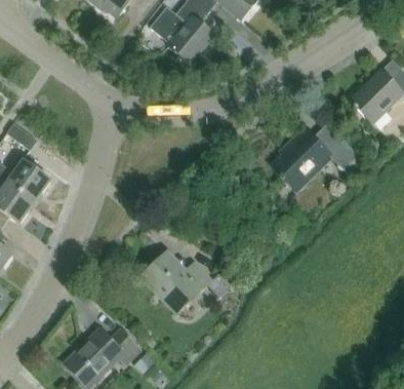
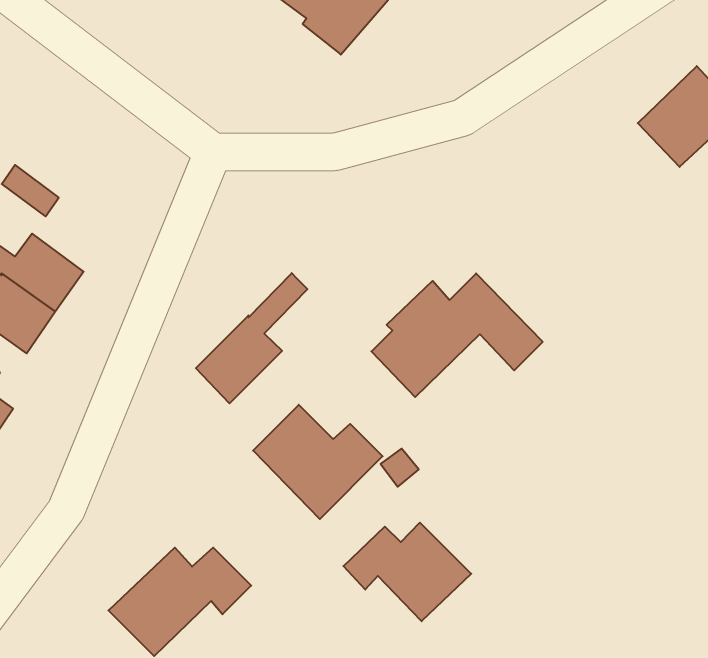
building: [272,123,364,190] -> [371,273,543,397]
building: none -> [196,273,307,403]
building: none -> [343,523,471,621]

